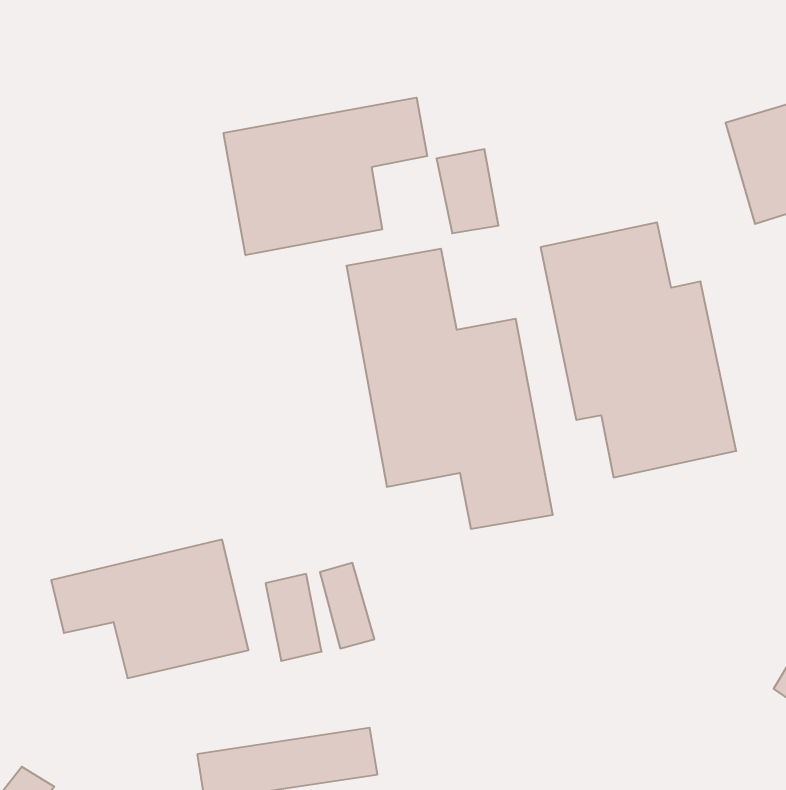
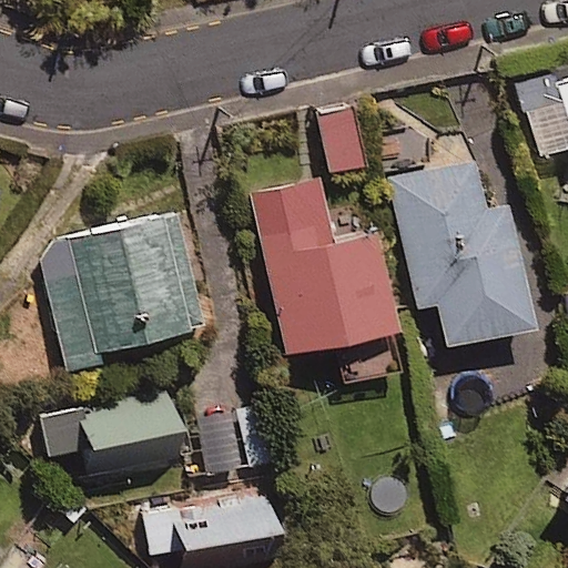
building: [224,98,427,255] -> none
building: none -> [39,212,202,356]

